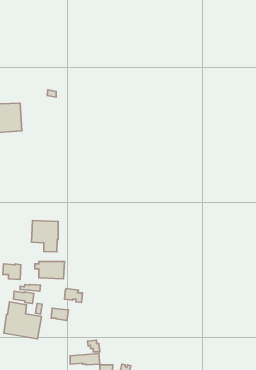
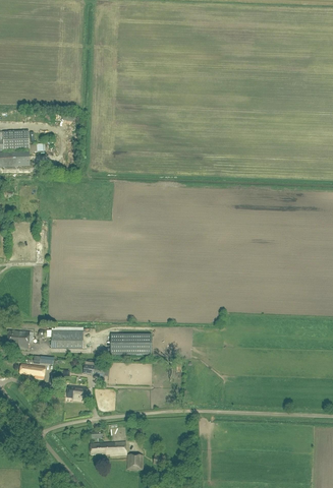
building: [32,221,58,252] -> none
building: none -> [110,331,151,355]
building: [4,302,42,339] -> none

